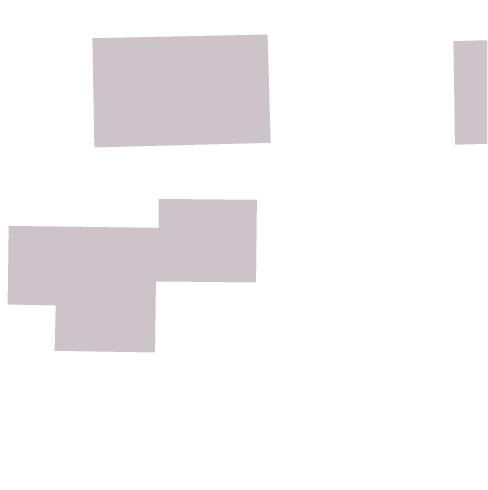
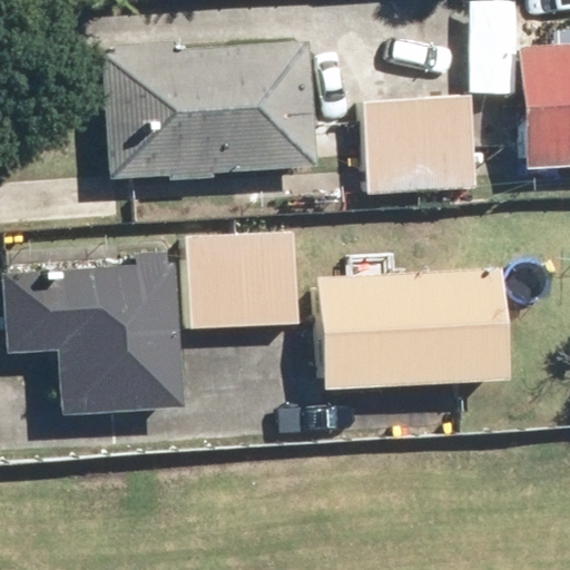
building: none -> [362,101,476,188]
building: none -> [314,248,515,387]

